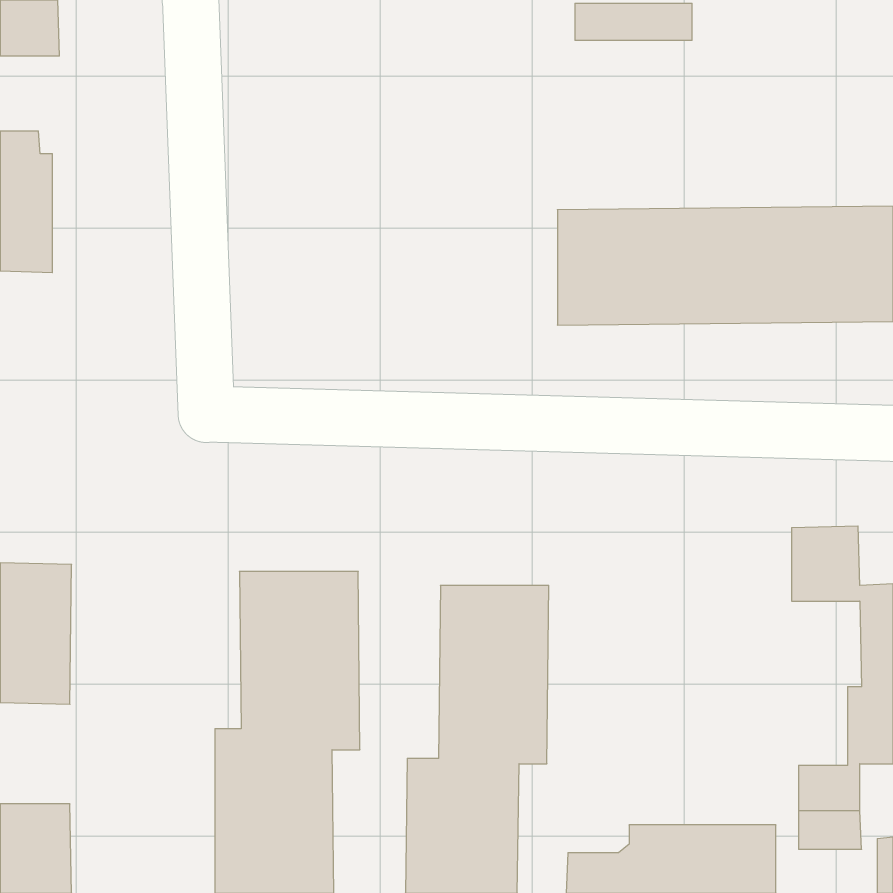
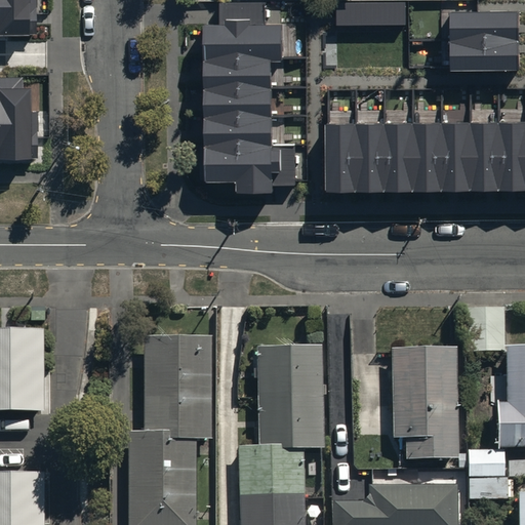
building: none -> [205,4,295,193]
building: none -> [451,13,519,71]
building: none -> [391,347,457,458]

